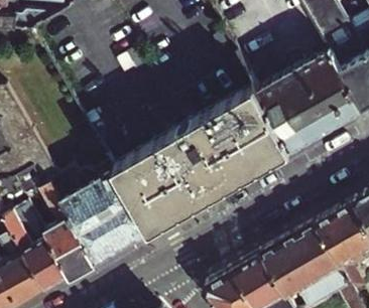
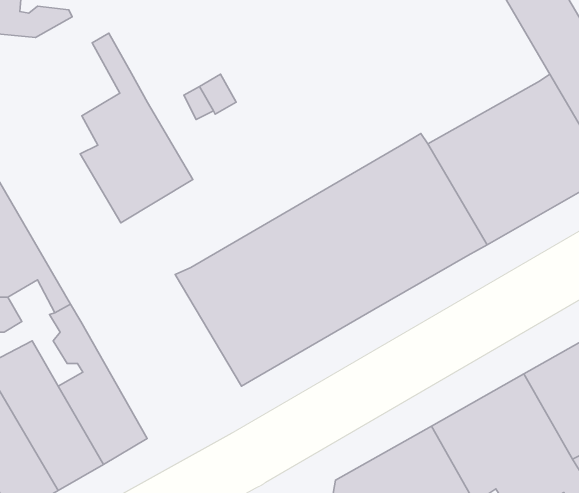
building: none -> [80,33,193,223]
building: [59,165,152,263] -> none

